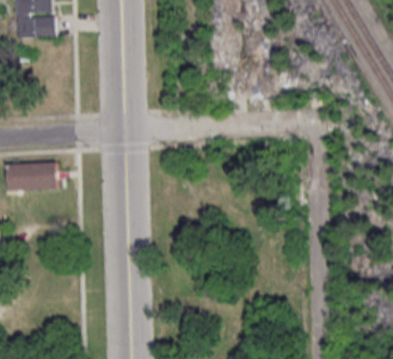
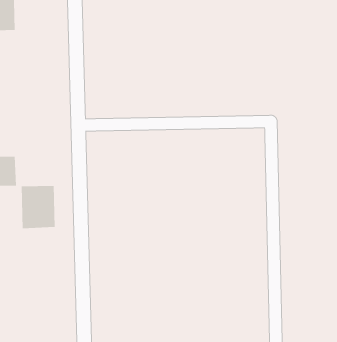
building: none -> [21,185,55,229]

